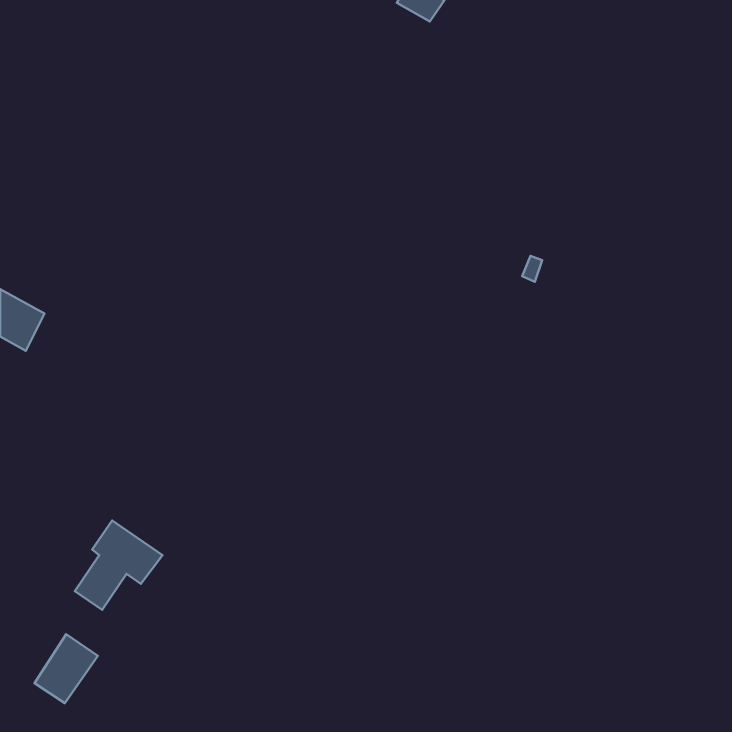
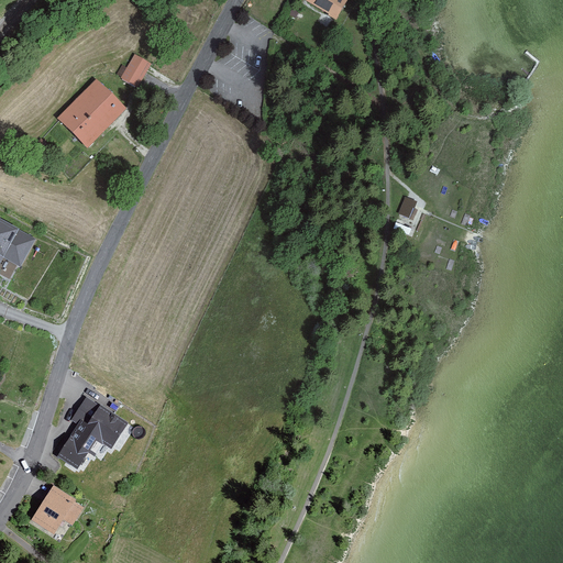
building: none -> [121,54,152,88]
building: none -> [56,78,125,147]

